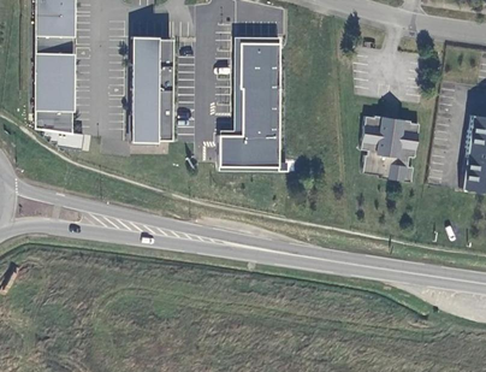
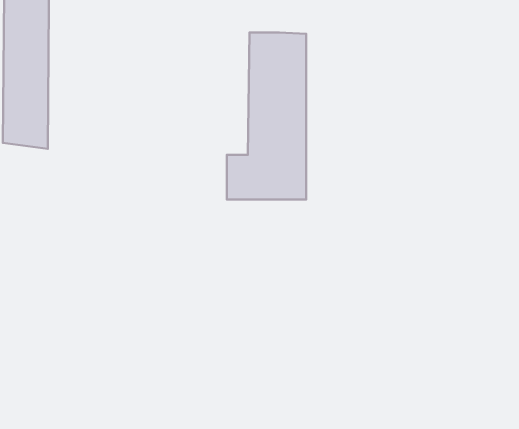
building: [134,36,174,142] -> none
building: [358,117,416,182] -> none

